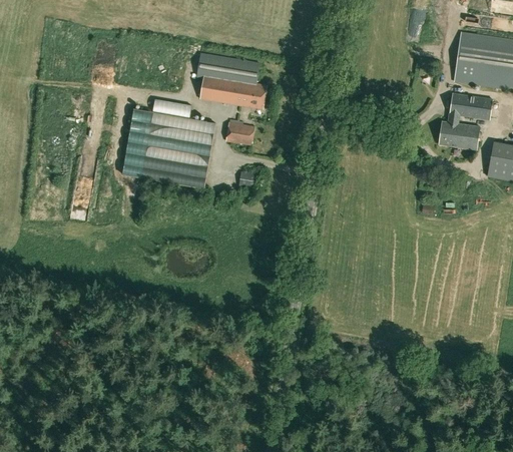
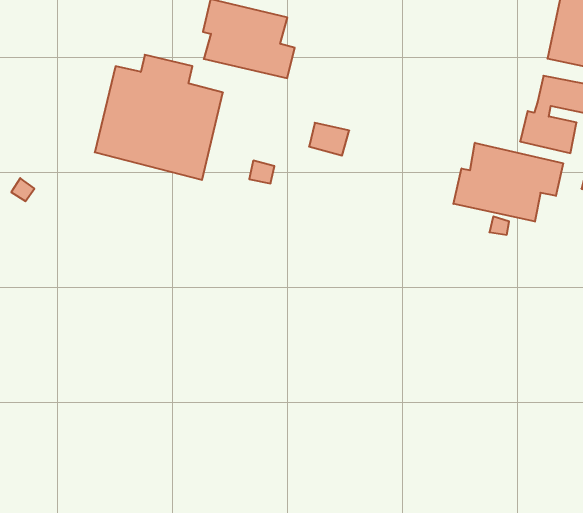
building: [225,122,254,145] -> [309,123,349,156]
building: none -> [453,143,563,222]

